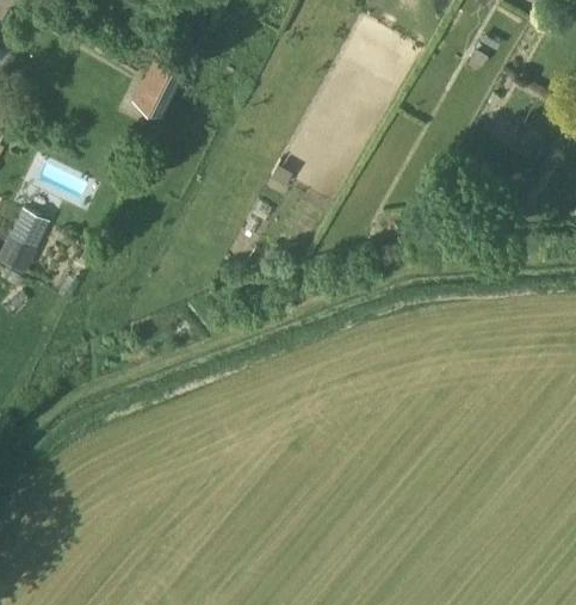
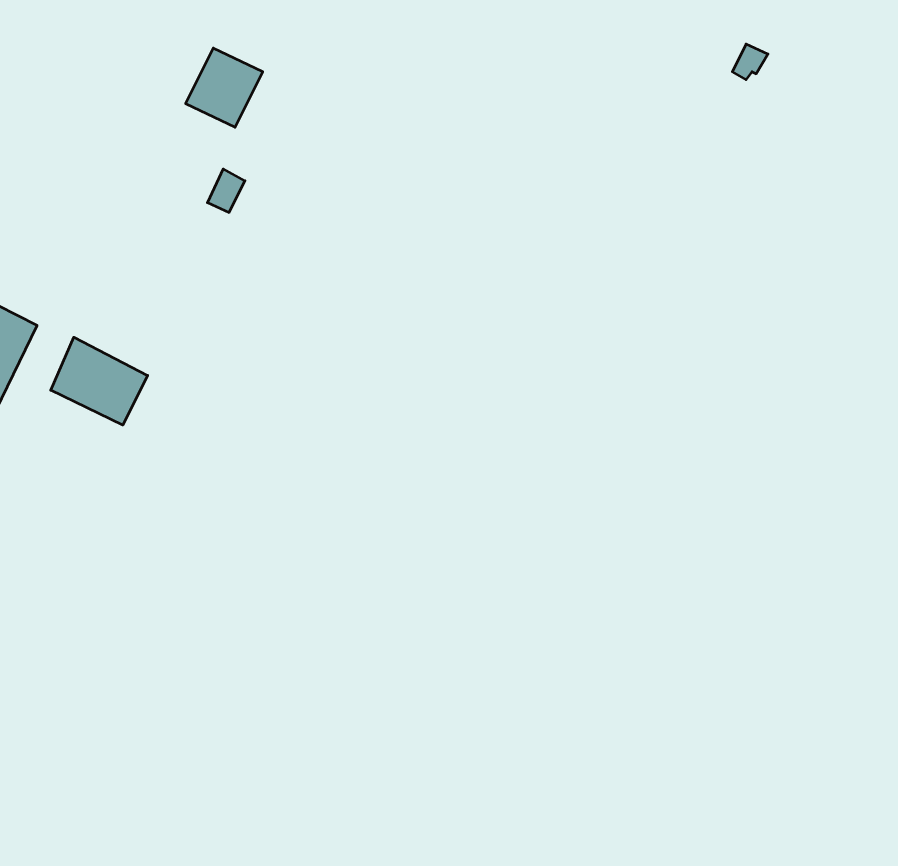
building: none -> [51,337,148,425]

